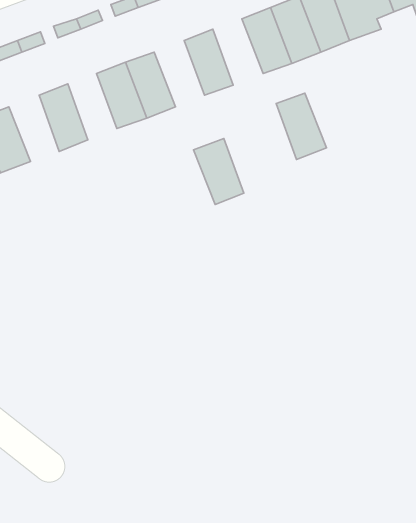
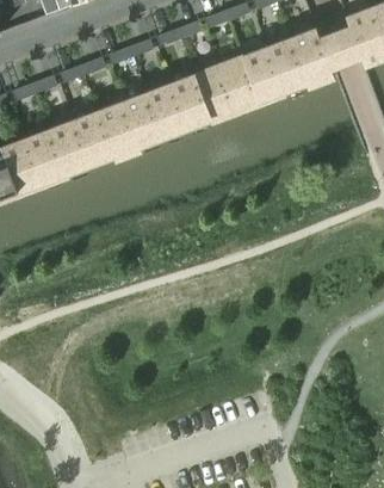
building: none -> [75,110,116,165]
building: [276,93,327,160] -> [196,64,237,119]
building: none -> [26,128,68,183]
building: [194,138,244,205] -> [147,82,188,137]

